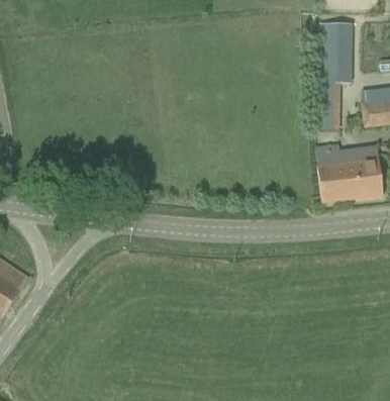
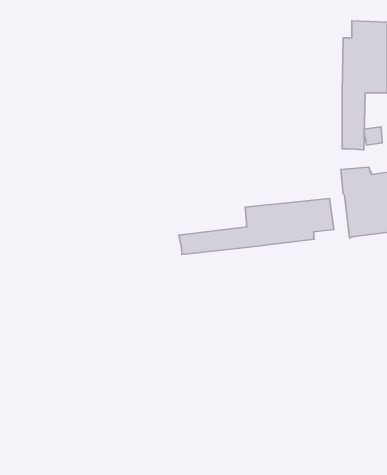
building: none -> [179,198,334,254]

